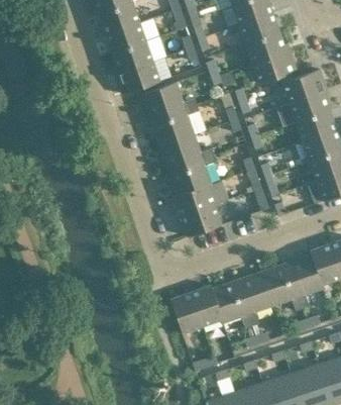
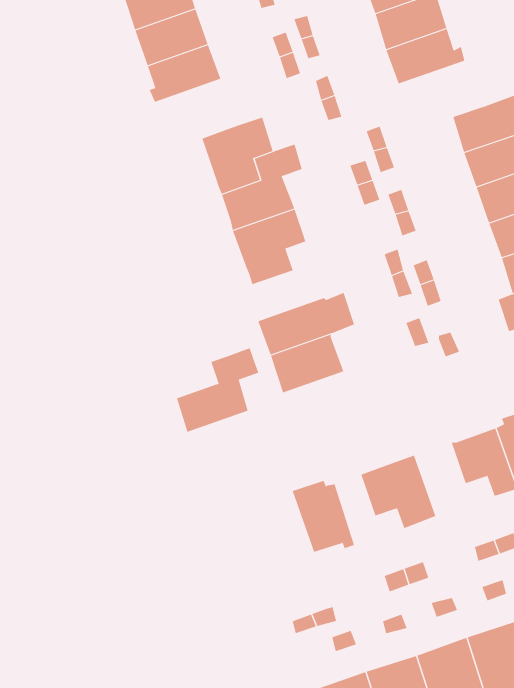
building: [253,52,298,84] -> none
building: [117,62,161,95] -> none
building: [172,148,218,196] -> [176,347,259,432]
building: [262,265,311,311] -> none
building: [218,283,259,329] -> none
building: [172,292,206,334] -> none

